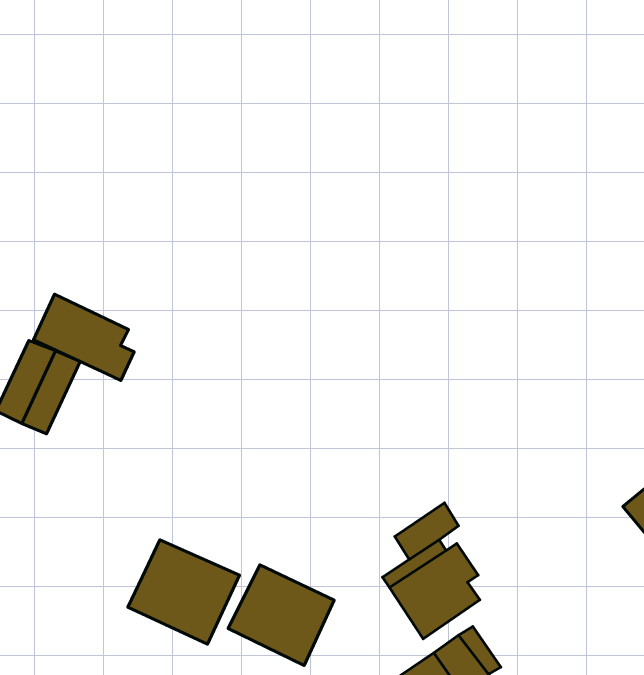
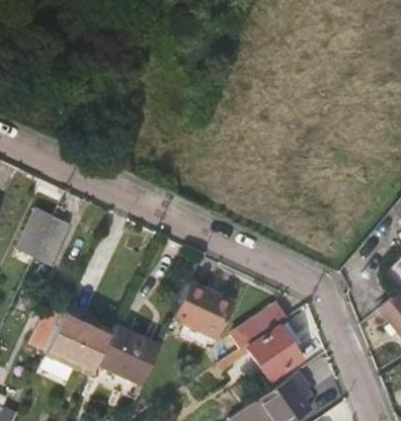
building: [33,294,134,380] -> none
building: none -> [46,324,105,375]
building: [228,565,334,666] -> [174,280,235,338]

